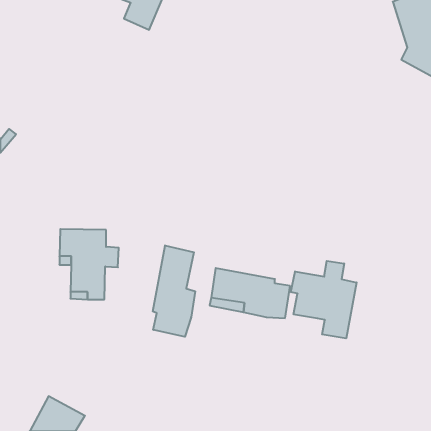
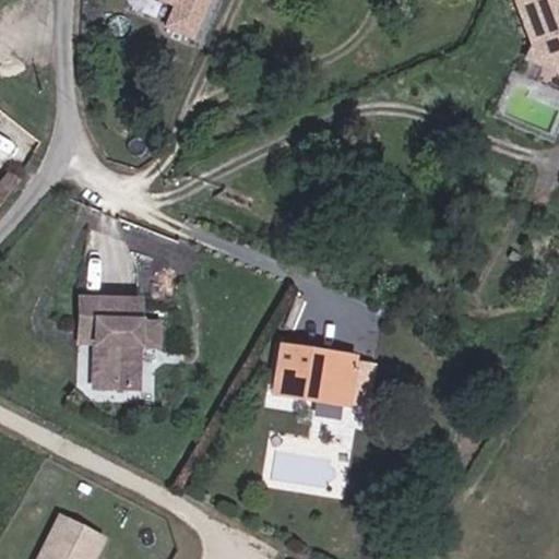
building: [153,245,195,337] -> none
building: [291,261,357,338] -> none

